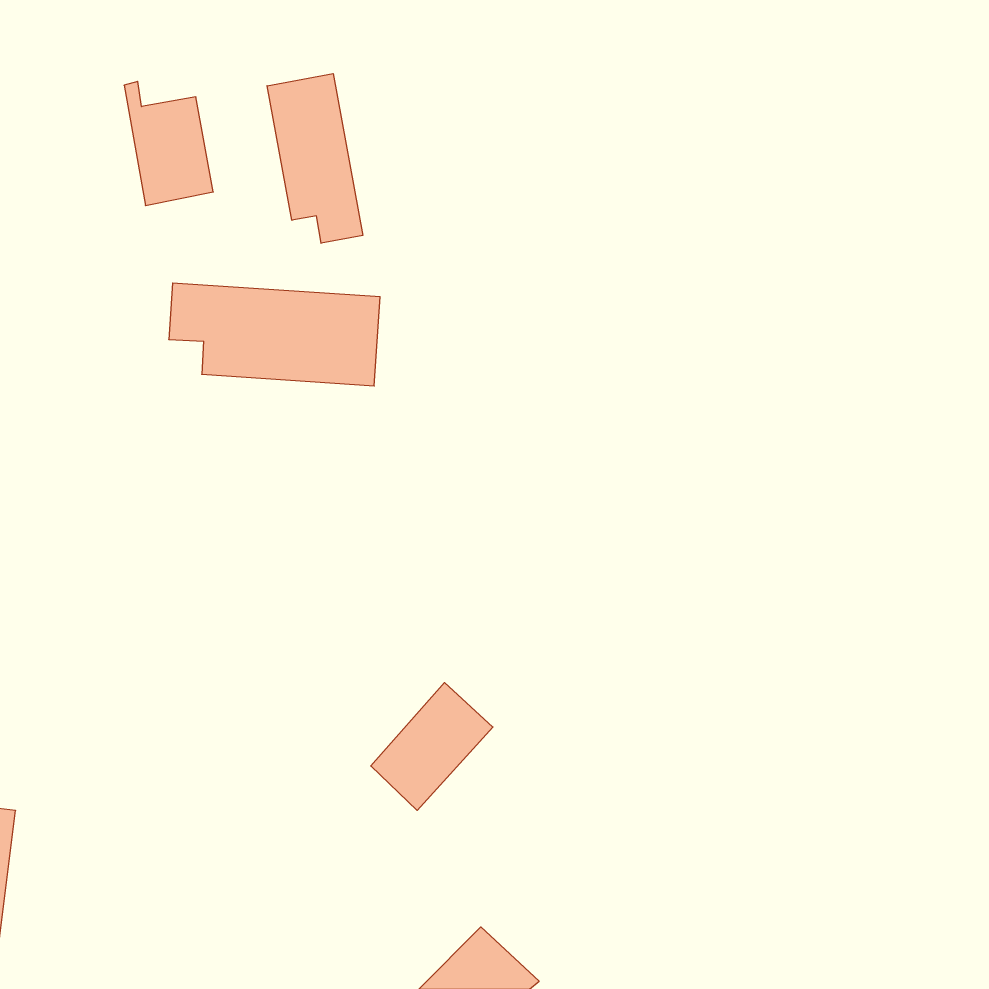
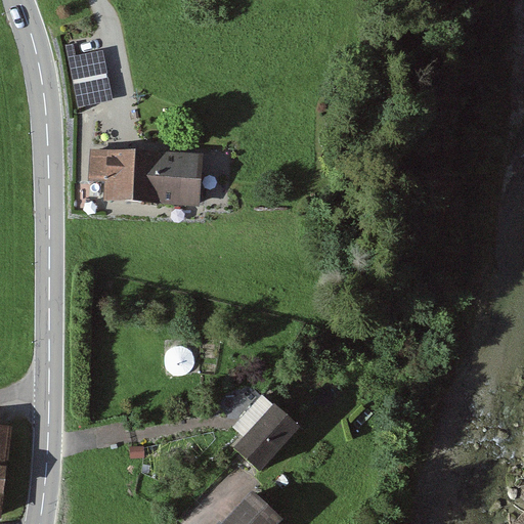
building: [267,74,363,243] -> none
building: [371,683,493,810] -> [234,402,299,470]

